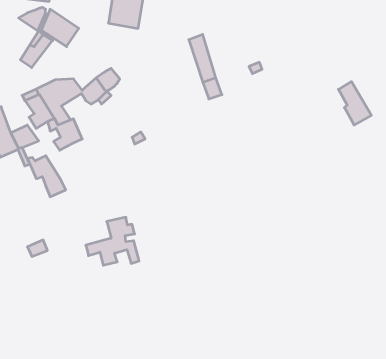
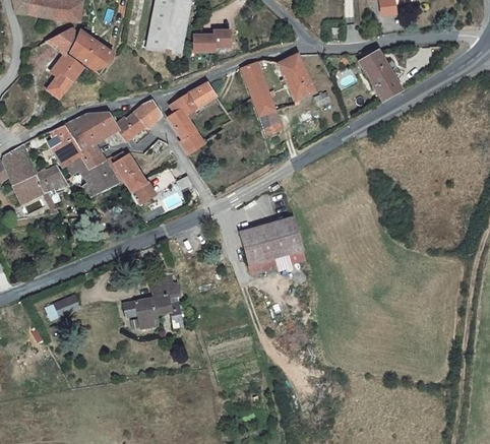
building: none -> [193,31,233,53]
building: none -> [279,54,312,107]
building: none -> [168,83,216,153]
building: [338,82,371,125] -> [362,51,401,102]
building: [27,156,66,197] -> [108,155,152,203]
building: none -> [239,217,302,271]

